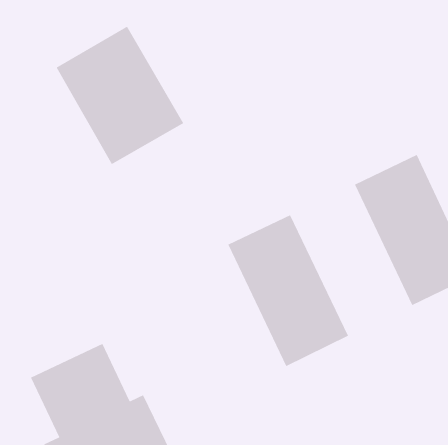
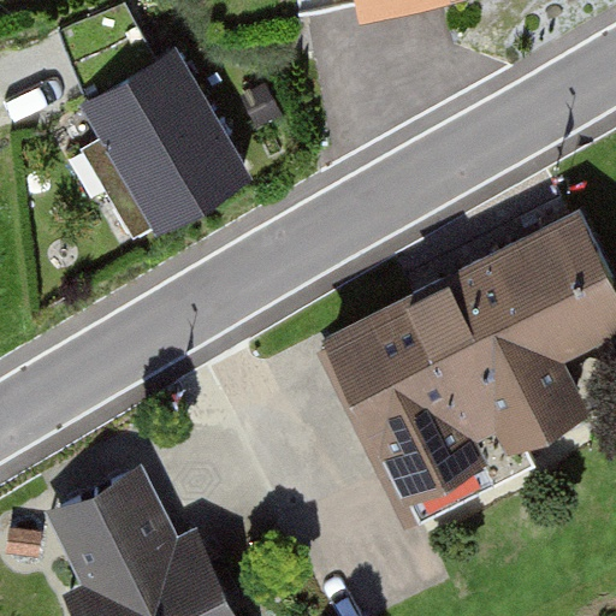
building: none -> [401,261,565,467]

